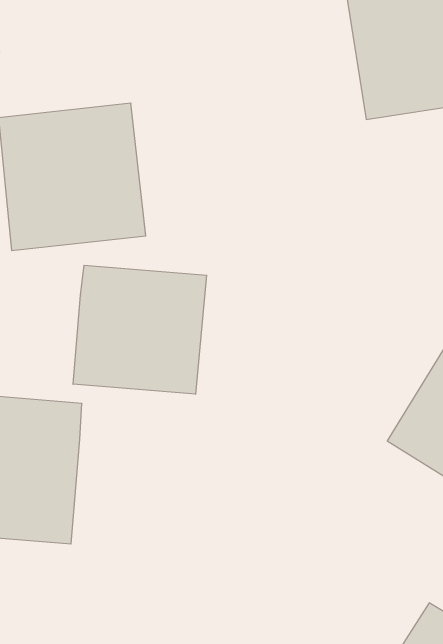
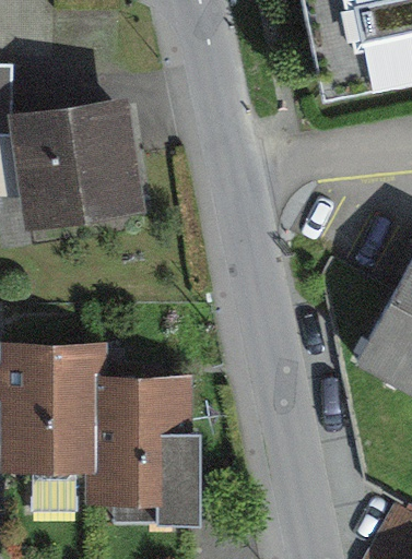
building: [73,265,207,394] -> none
building: none -> [97,381,196,519]

